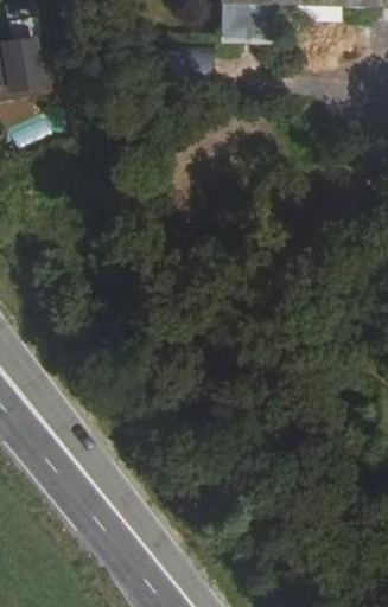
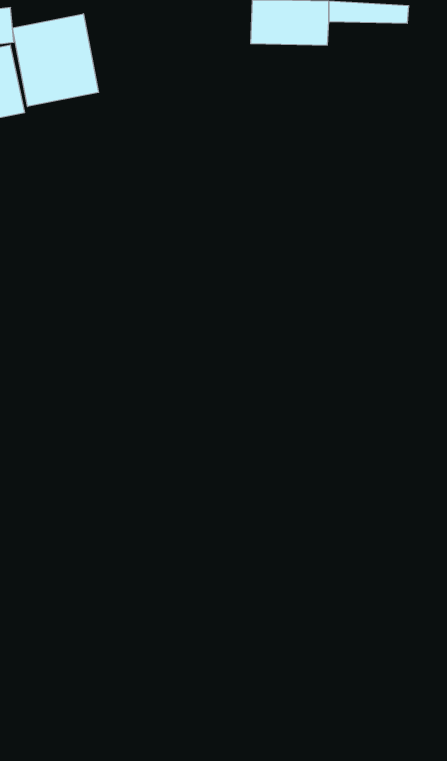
building: none -> [13,14,99,107]

